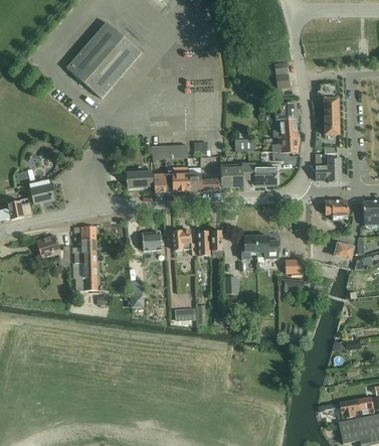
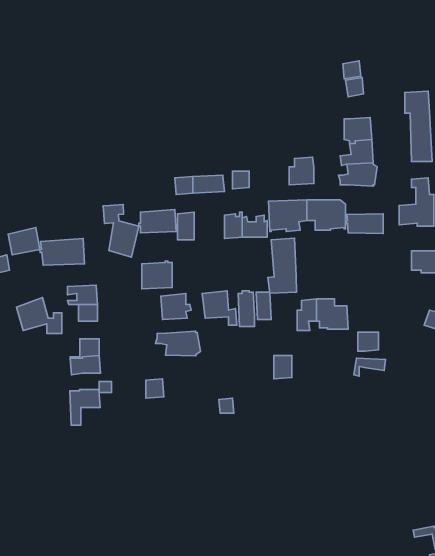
building: [65,22,141,99] -> none
building: none -> [103,205,139,257]
building: [166,172,188,192] -> [142,261,172,289]
building: none -> [346,214,383,233]
building: none -> [268,238,296,293]
building: none -> [40,238,85,265]
building: [74,252,97,278] -> [70,390,100,425]
building: none -> [156,331,200,356]

